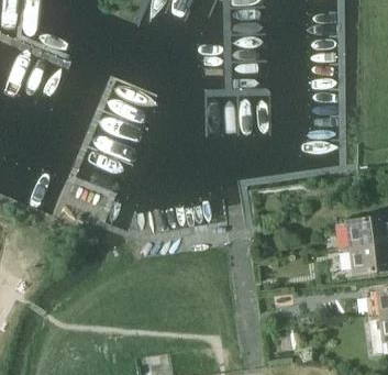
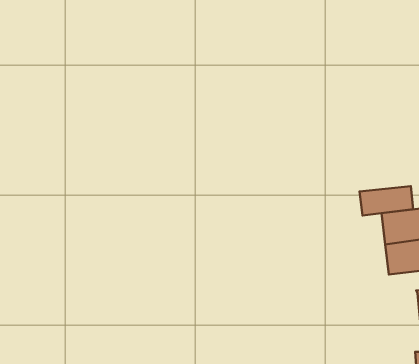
building: none -> [360,186,413,215]

